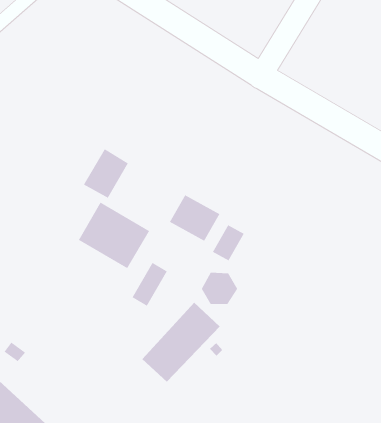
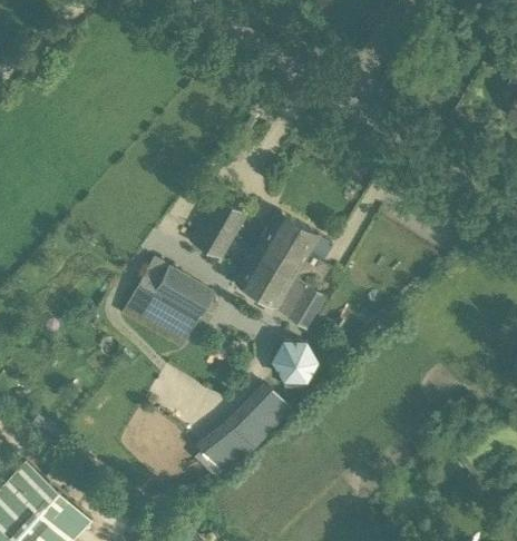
building: [83,148,129,199] -> [189,200,244,260]
building: none -> [254,213,318,274]
building: [131,262,168,307] -> none

